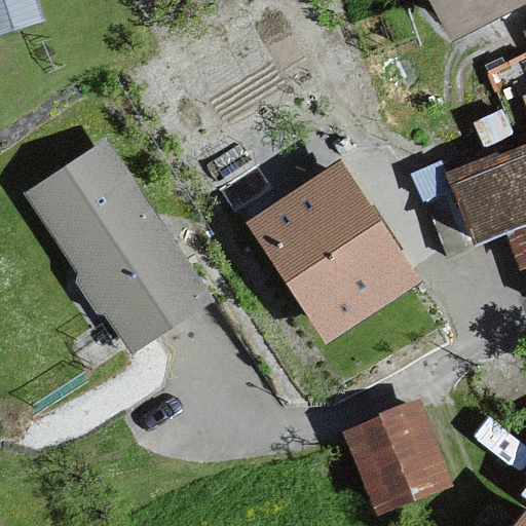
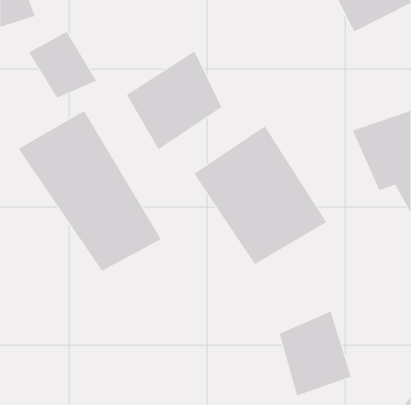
building: none -> [28,31,97,98]
building: none -> [126,51,222,150]

